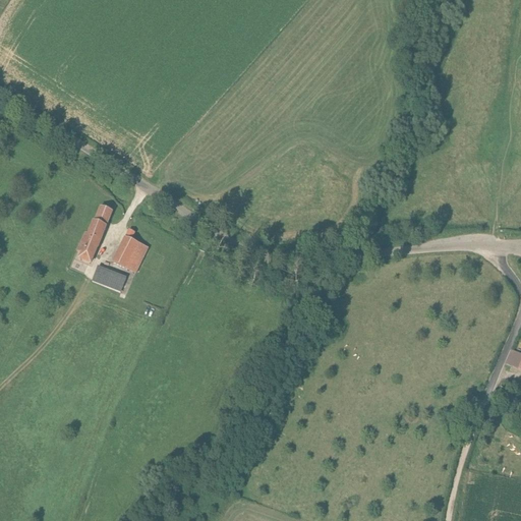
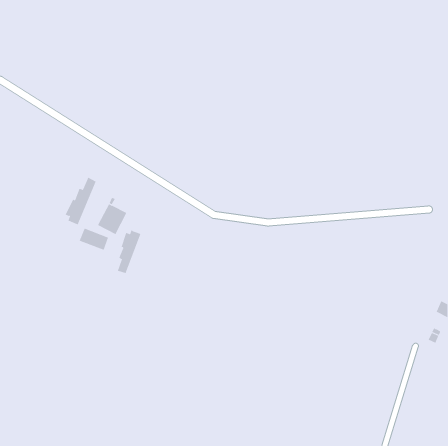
building: none -> [117,230,141,274]

